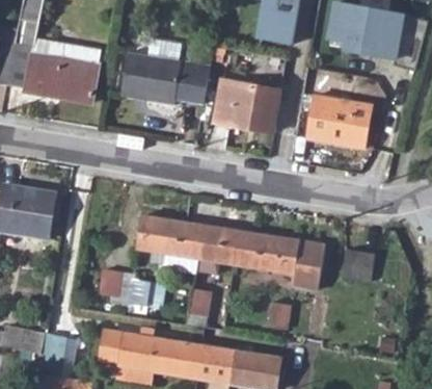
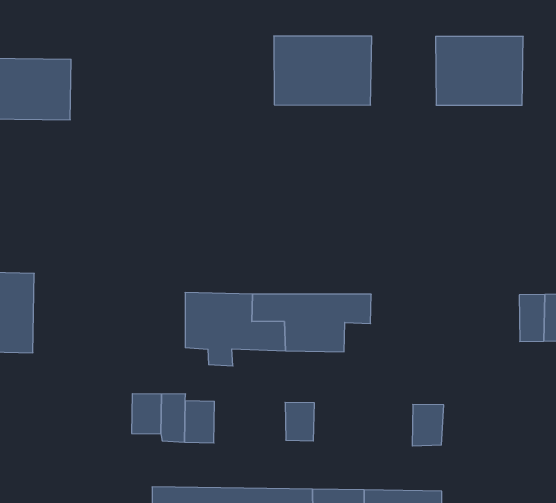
building: [123,52,209,102] -> none
building: [234,234,324,292] -> none

